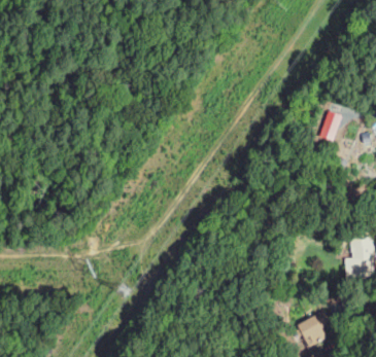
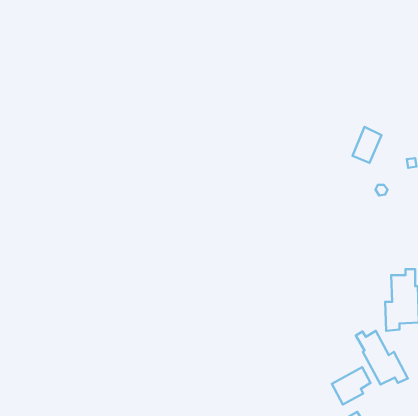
building: none -> [356,331,408,385]

